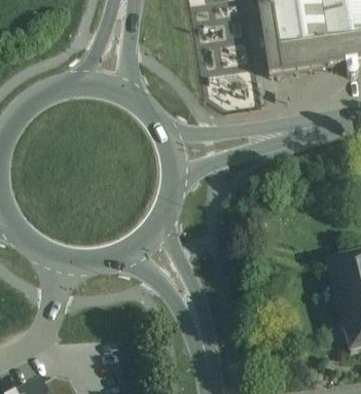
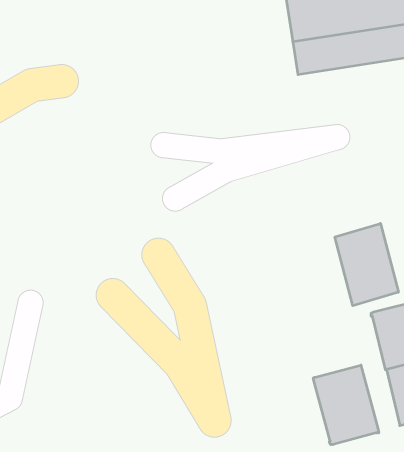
building: none -> [335,223,398,306]
building: none -> [313,365,379,445]

